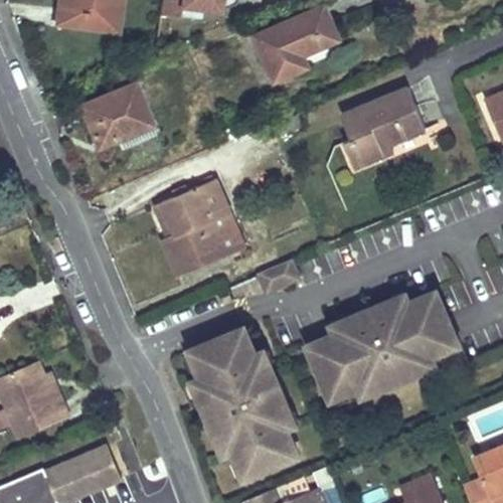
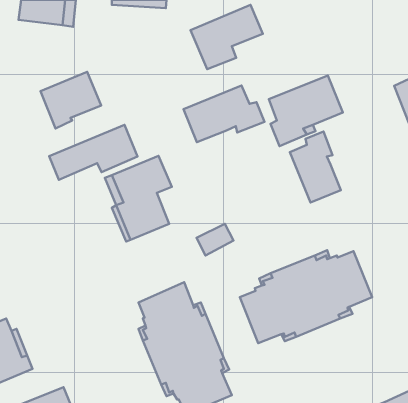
building: none -> [183,86,264,142]
building: none -> [49,125,137,180]
building: none -> [290,131,341,203]

